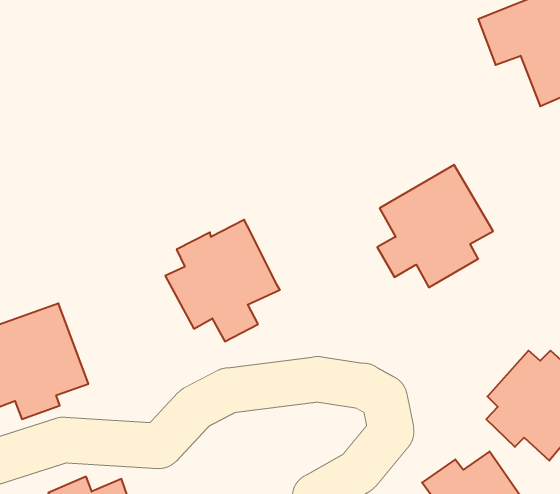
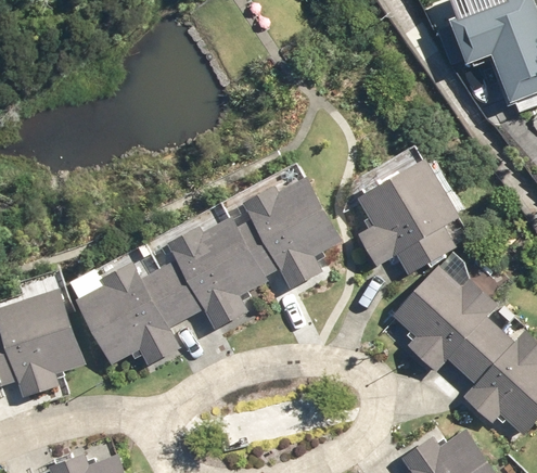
building: none -> [238,169,344,285]
building: none -> [74,257,184,359]
building: none -> [389,268,501,378]

